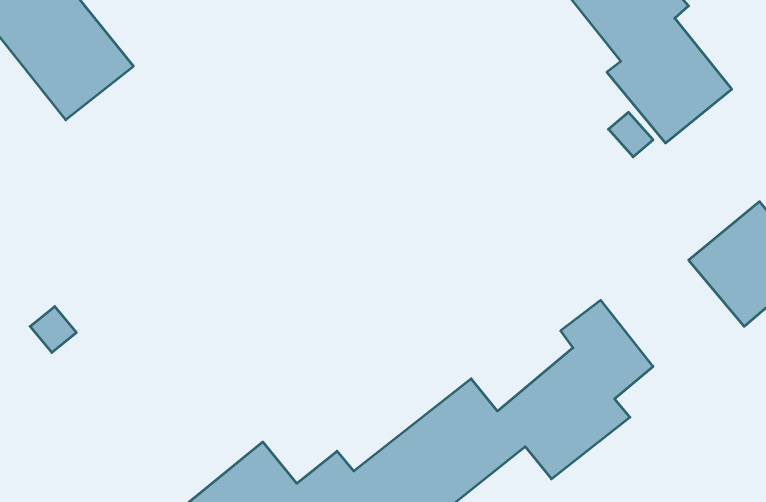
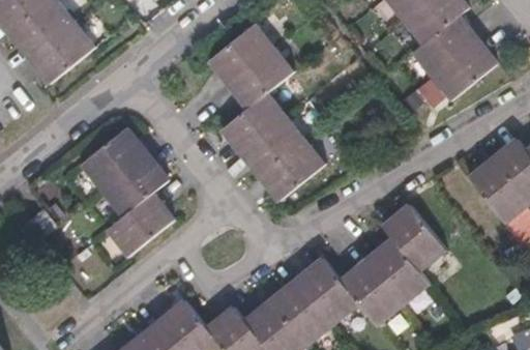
building: none -> [209,24,324,200]
building: none -> [81,126,173,255]

